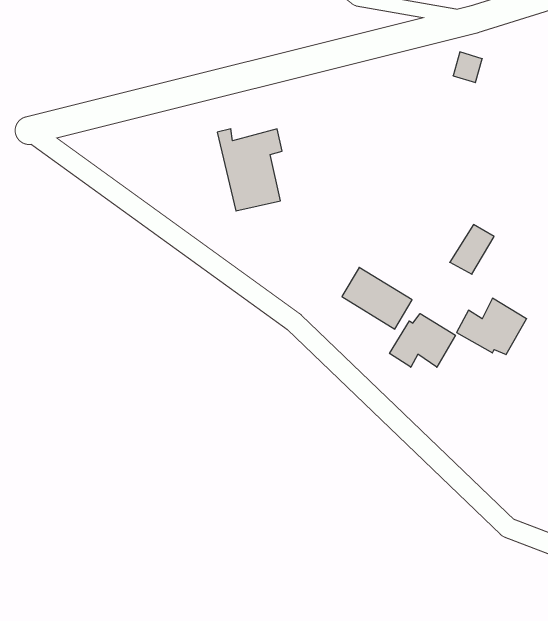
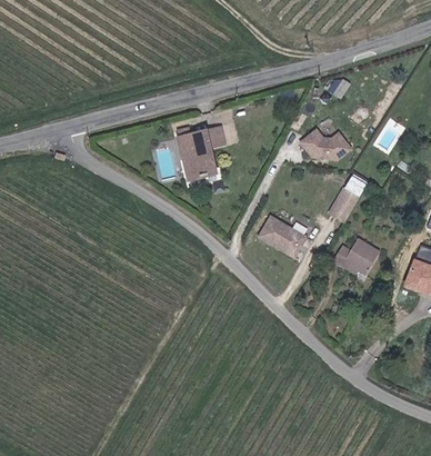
building: none -> [299,127,352,169]
building: [390,314,455,367] -> none

